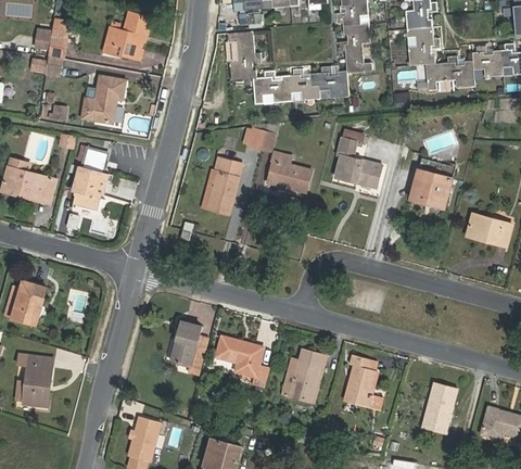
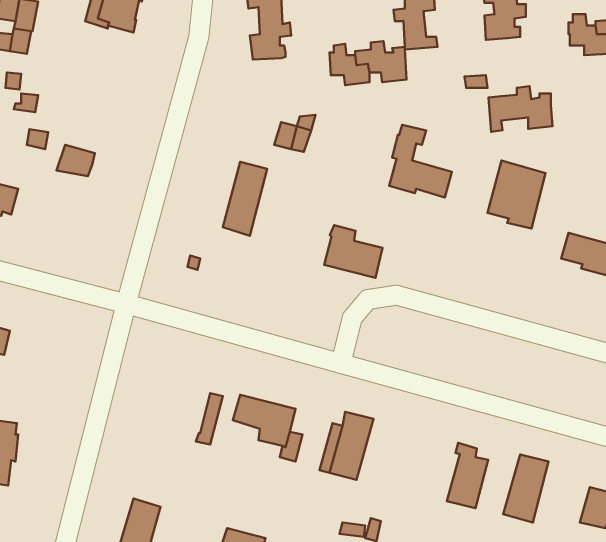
building: [424,55,473,90] -> [488,86,552,132]
building: [252,71,291,103] -> none
building: [80,76,125,124] -> none
building: [266,152,310,192] -> [324,225,383,278]
building: [65,166,110,217] -> none
building: [170,321,201,366] -> none
building: [344,357,376,407] -> [447,443,488,508]

